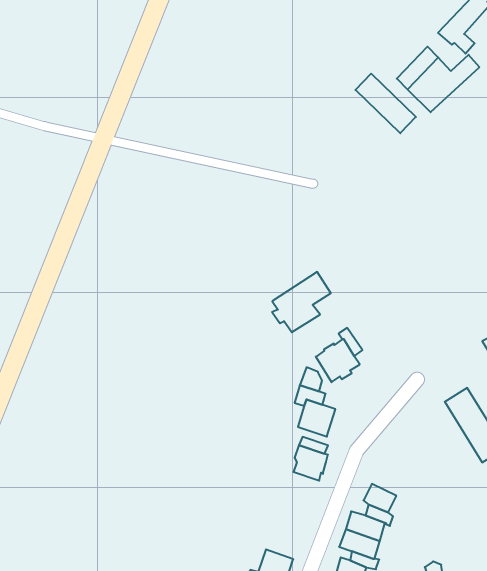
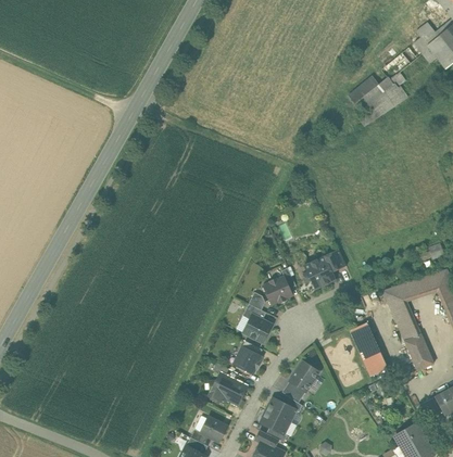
building: [355,74,416,133] -> none
building: [272,272,331,332] -> [303,250,347,290]
building: none -> [290,361,319,392]
building: none -> [210,373,247,405]

